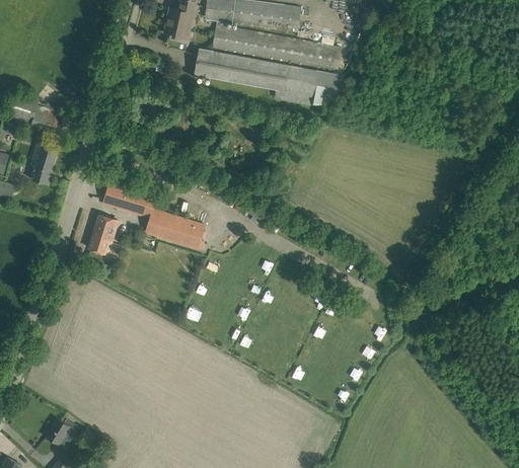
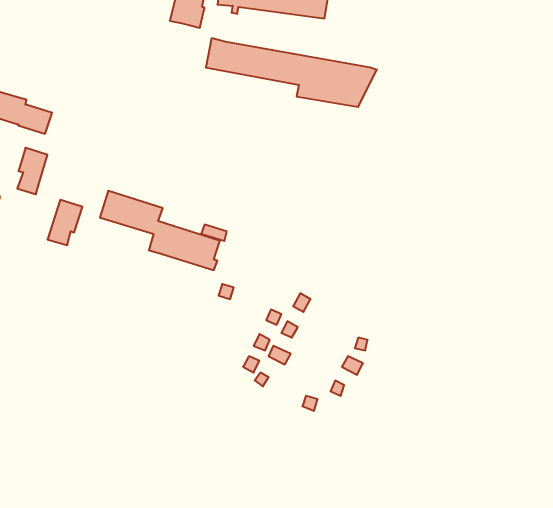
building: [211,26,341,74] -> none
building: [87,215,118,254] -> [47,200,82,245]
building: [45,418,76,449] -> none

